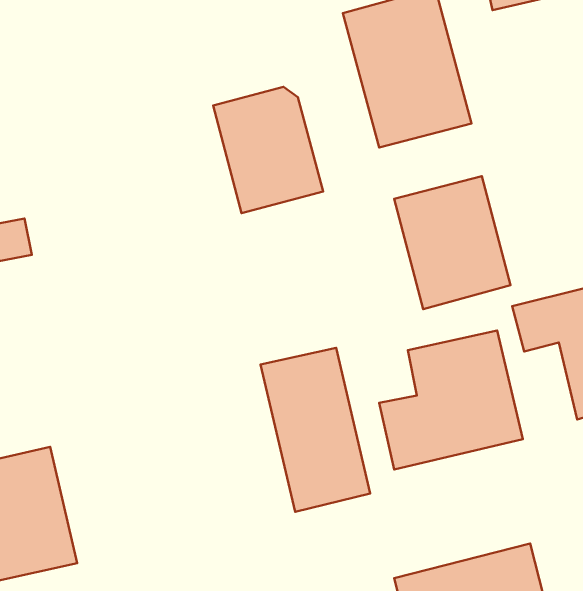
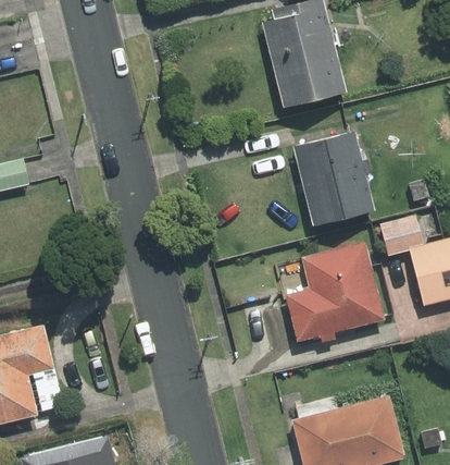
building: [213,87,323,213] -> none
building: [261,348,370,512] -> none

